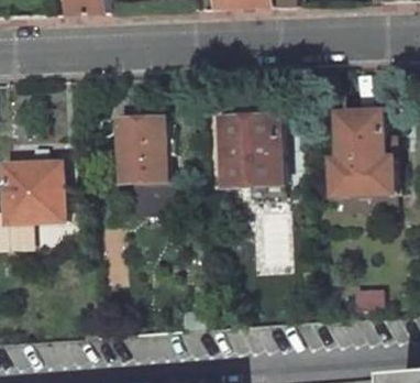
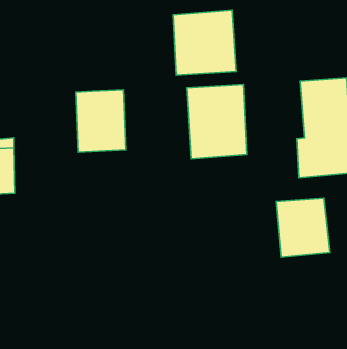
building: none -> [173,10,236,75]
building: none -> [276,198,330,257]

